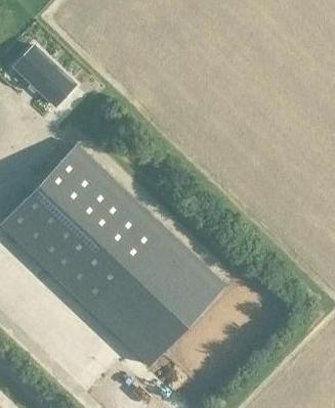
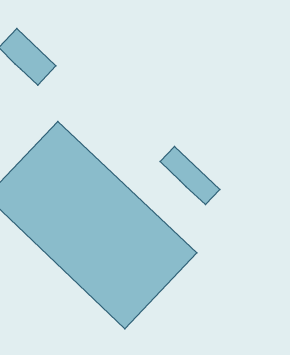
building: none -> [160,147,220,205]

